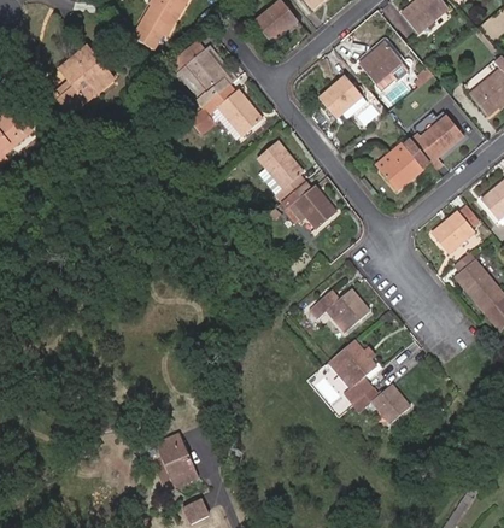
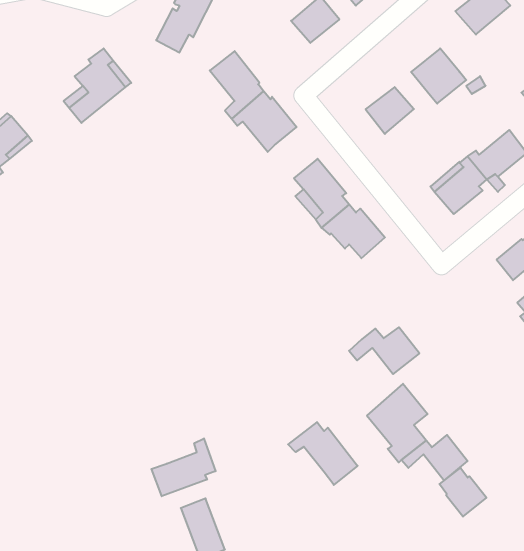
building: none -> [288,422,358,485]
building: none -> [151,438,216,496]
building: none -> [439,468,486,517]

